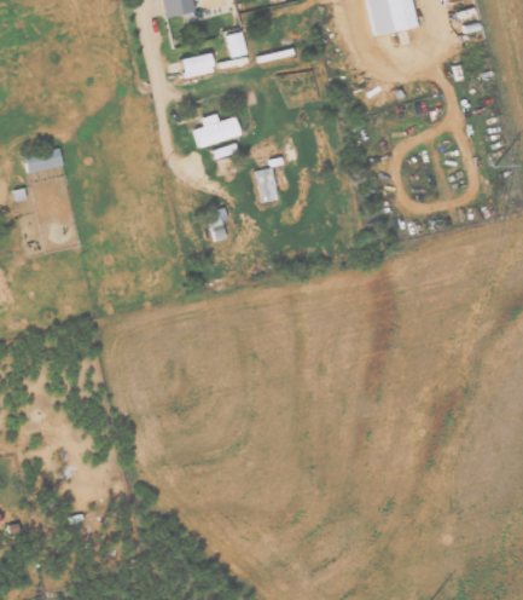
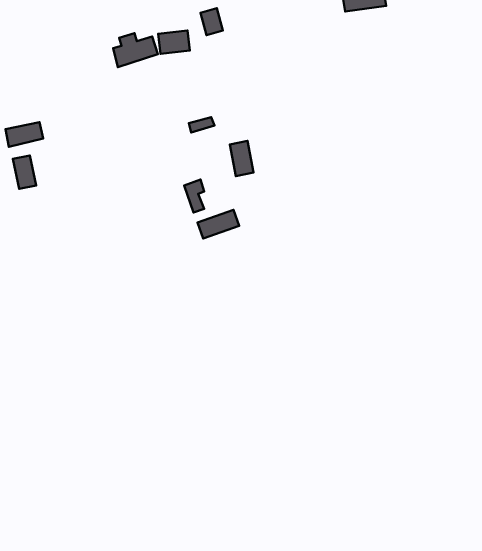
building: [196,112,242,148] -> [113,33,158,67]
building: none -> [13,156,36,189]
building: none -> [197,210,239,238]

